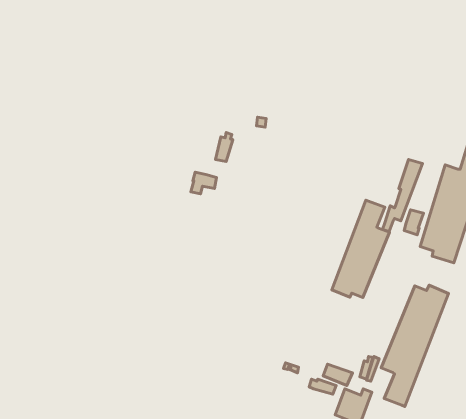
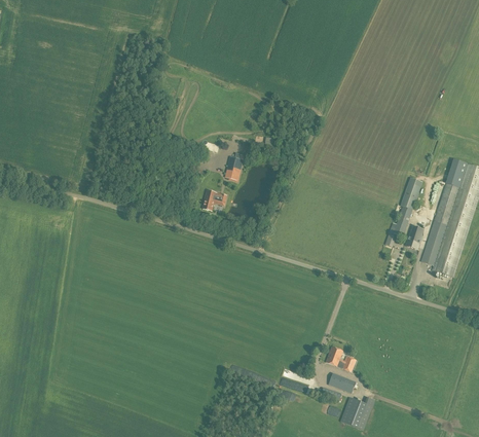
building: [332,200,389,297] -> none
building: [381,285,448,406] -> none
building: none -> [324,345,356,371]

